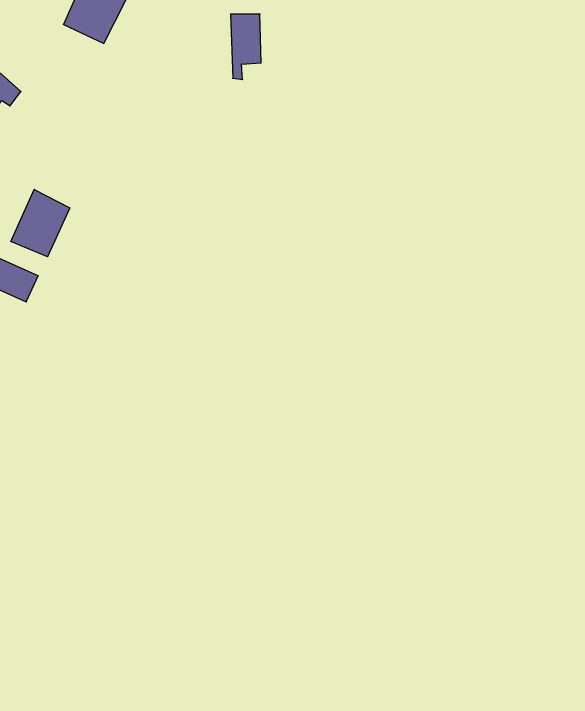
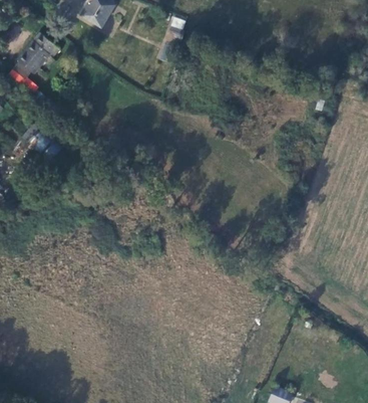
building: [11,189,70,257] -> none

